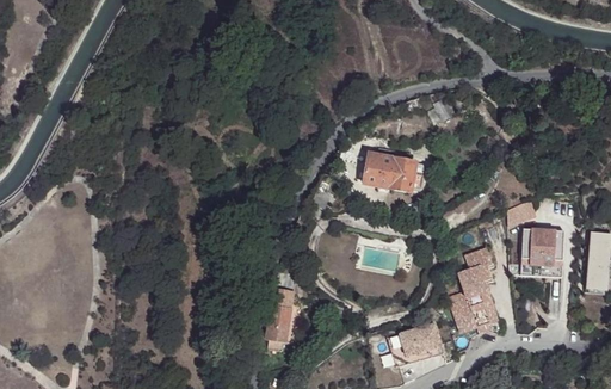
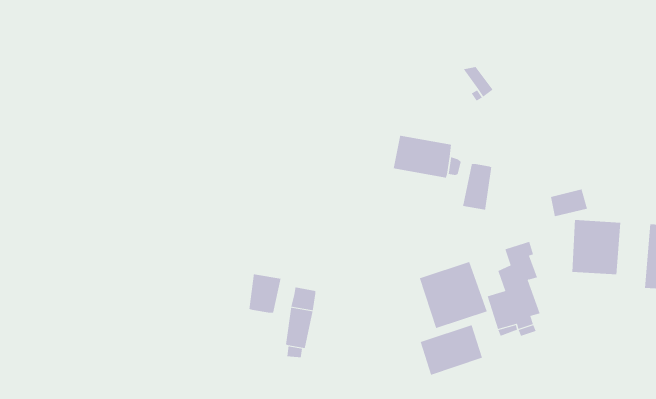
building: none -> [462,163,492,211]
building: none -> [419,261,488,329]
building: none -> [249,273,281,313]

